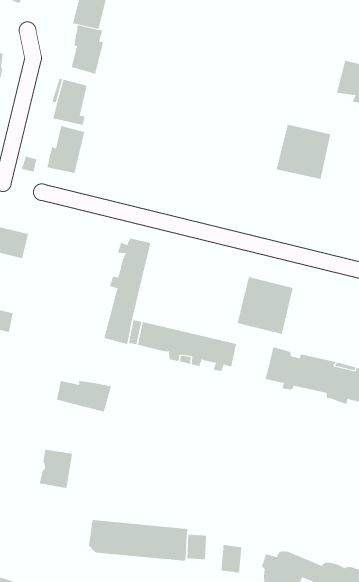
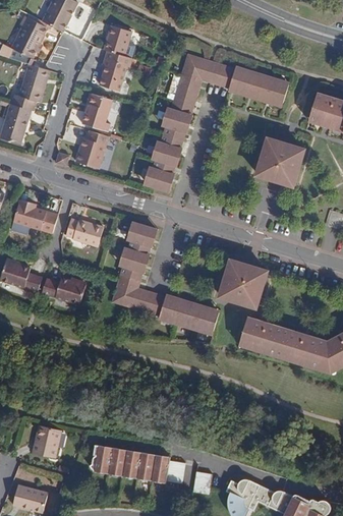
building: none -> [145,55,289,192]
building: none -> [65,219,104,247]
building: [56,380,112,412] -> [42,278,87,305]
building: [39,449,73,489] -> [33,425,61,458]

